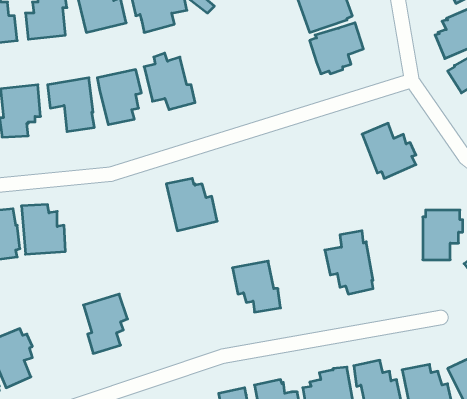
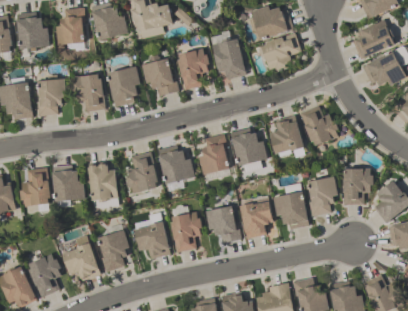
building: none -> [211,38,246,80]
building: none -> [177,49,209,90]
building: none -> [269,115,304,154]
building: none -> [230,128,267,166]
building: none -> [199,135,229,175]
building: none -> [126,152,158,194]
building: none -> [88,162,118,201]
building: none -> [307,177,337,217]
building: none -> [240,202,273,239]
building: none -> [170,212,201,253]
building: none -> [134,222,170,260]
building: none -> [62,236,100,281]

